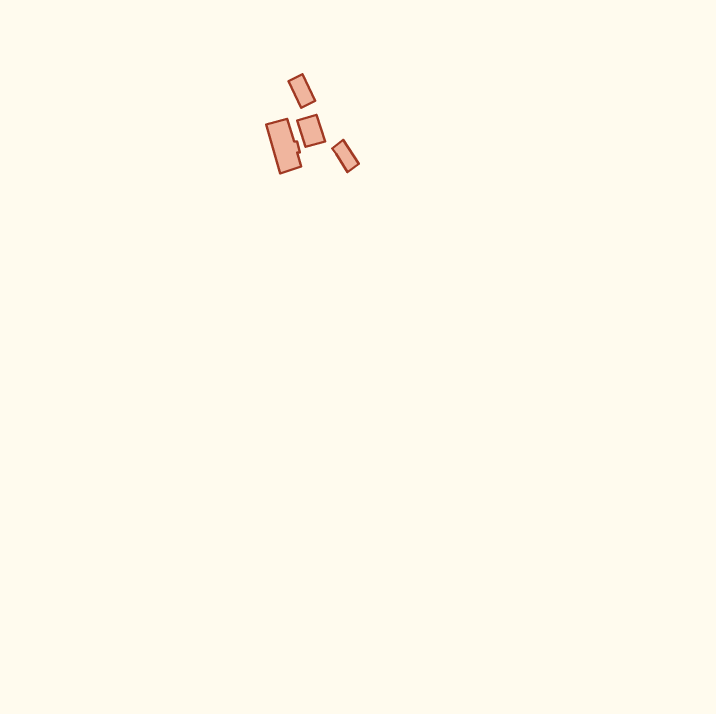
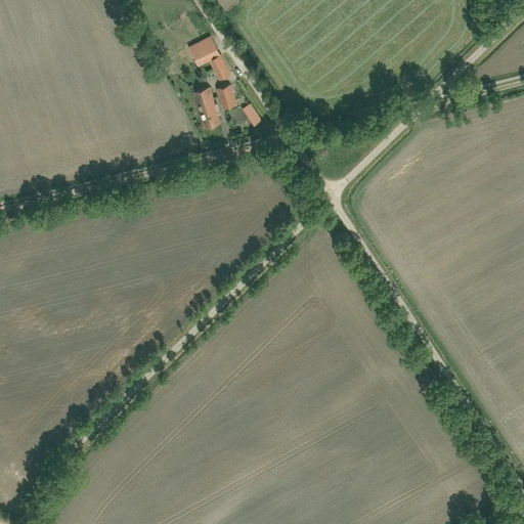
building: none -> [188,37,220,66]

